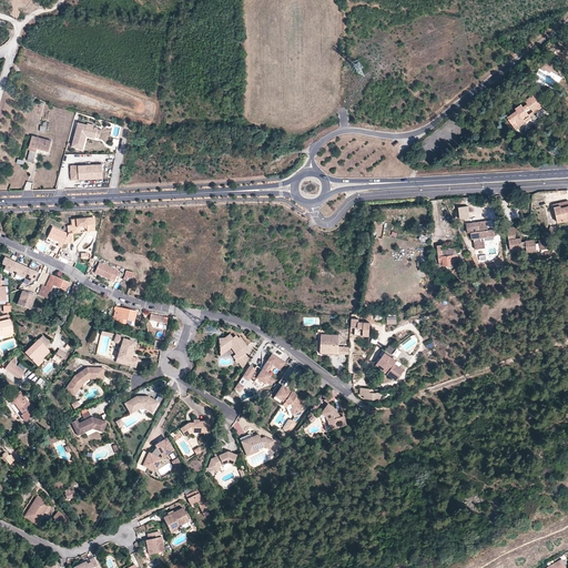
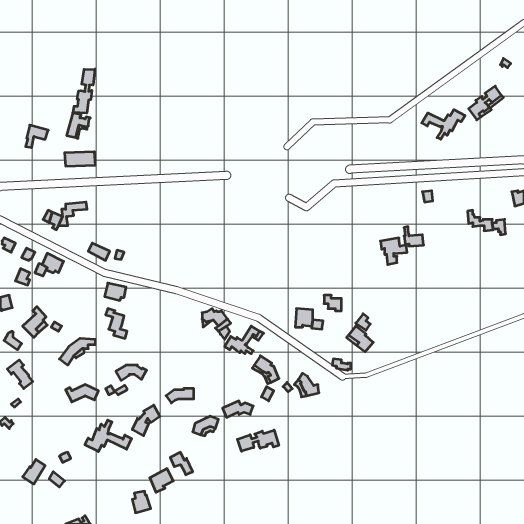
building: none -> [73,69,95,113]
building: none -> [422,110,465,139]
building: [466,221,495,250] -> [380,238,407,265]
building: none -> [85,420,132,452]
building: none -> [237,430,279,451]

